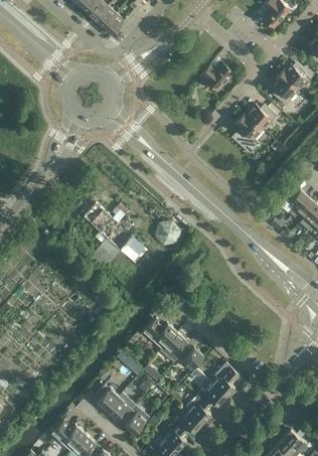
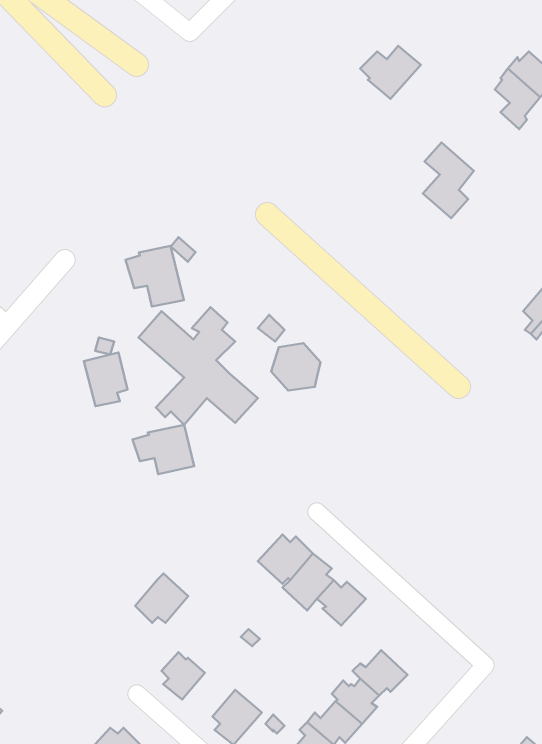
building: [245,105,278,129] -> none
building: none -> [126,246,184,307]
building: none -> [84,353,127,406]
building: none -> [133,425,194,474]
building: [212,367,235,397] -> none
building: [107,393,135,419] -> [135,573,188,623]

